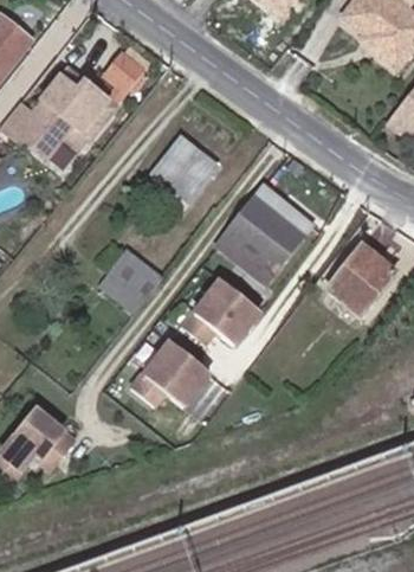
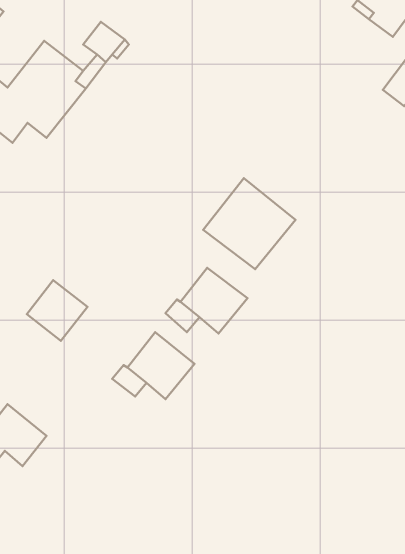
building: [142,135,216,212] -> none
building: [326,244,395,314] -> none
building: [103,251,160,308] -> [27,280,87,341]

